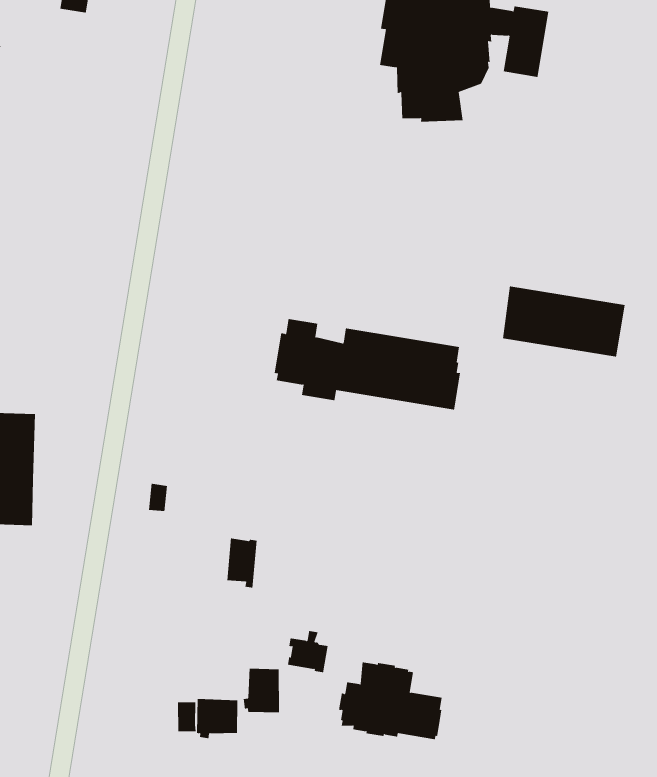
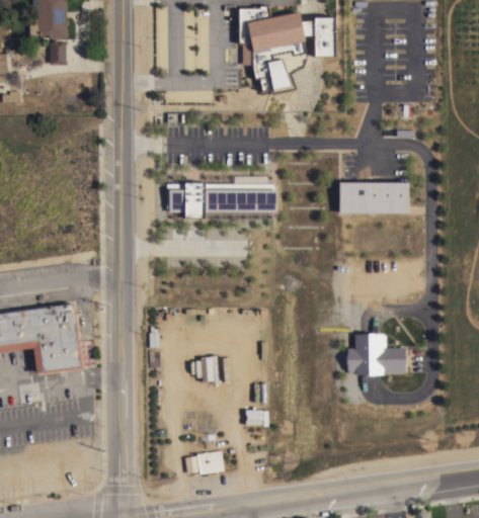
building: [274,318,461,410] -> [166,174,275,218]
building: [338,662,443,740] -> [344,333,405,375]
building: [243,668,279,713] -> none

